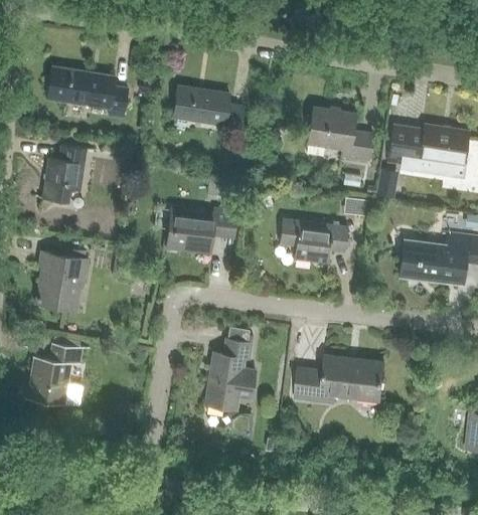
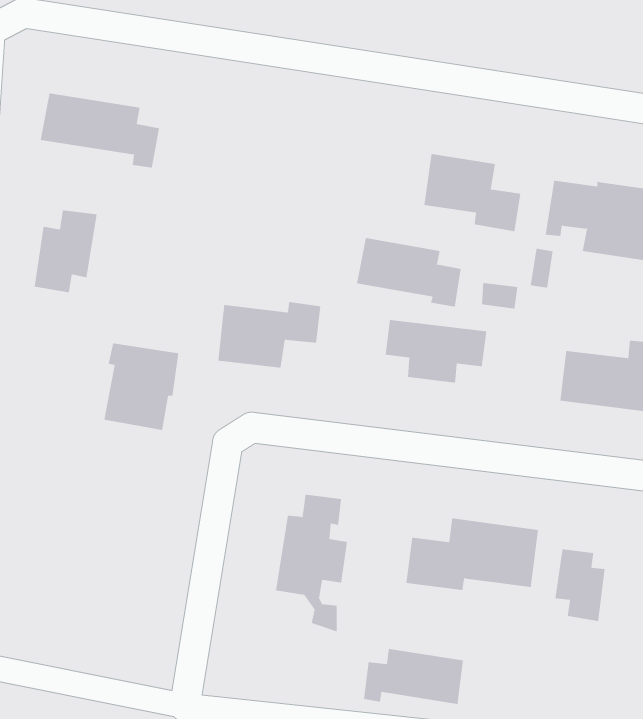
building: [173,85,245,133] -> [356,238,461,307]
building: [34,251,86,311] -> [104,343,179,430]
building: [24,342,84,405] -> none
building: none -> [555,548,605,622]
building: none -> [363,648,464,705]

